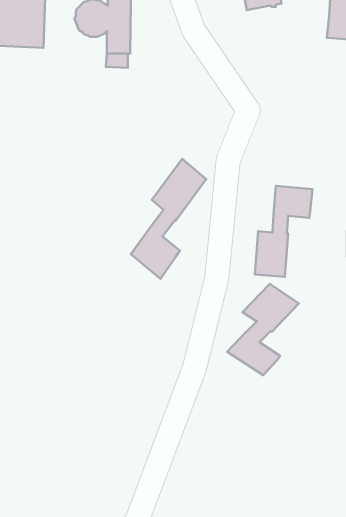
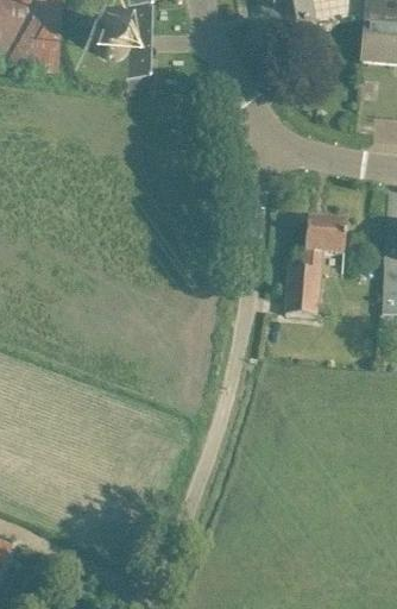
building: [131,159,206,279] -> none
building: [227,284,299,375] -> none

